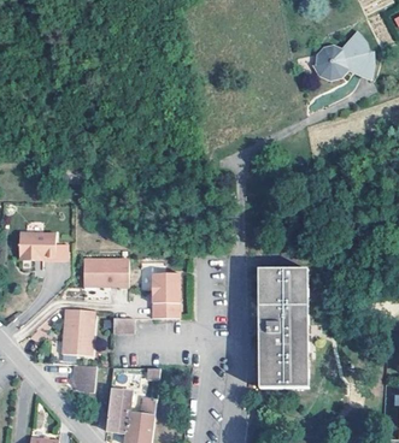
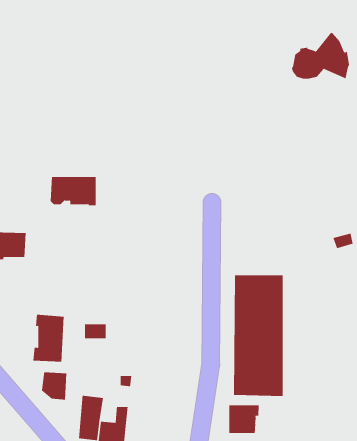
building: [82,258,128,287] -> [50,176,97,206]
building: [151,273,178,319] -> none
building: none -> [229,404,259,434]

